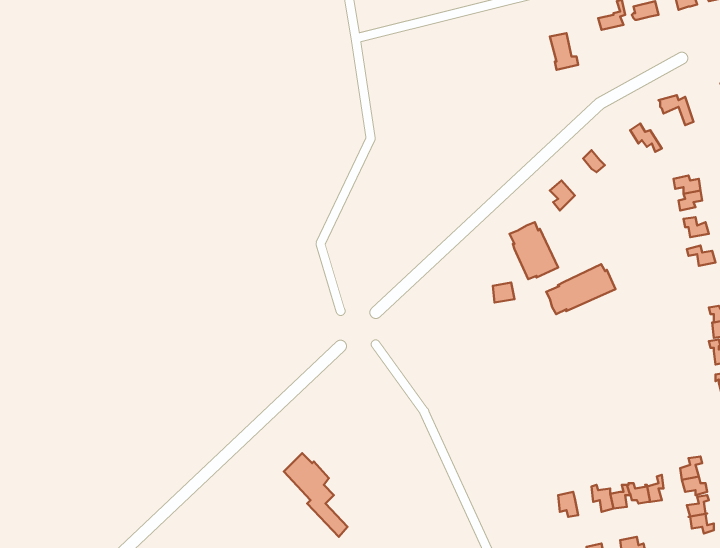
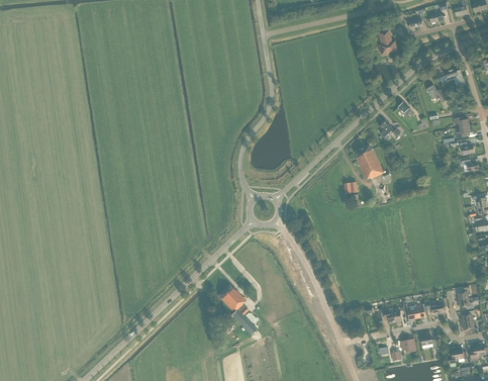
building: [546,264,616,314] -> none

